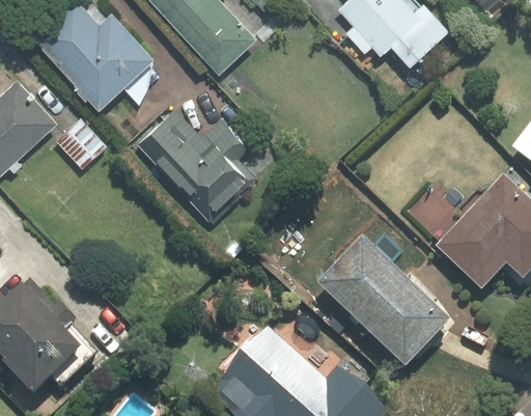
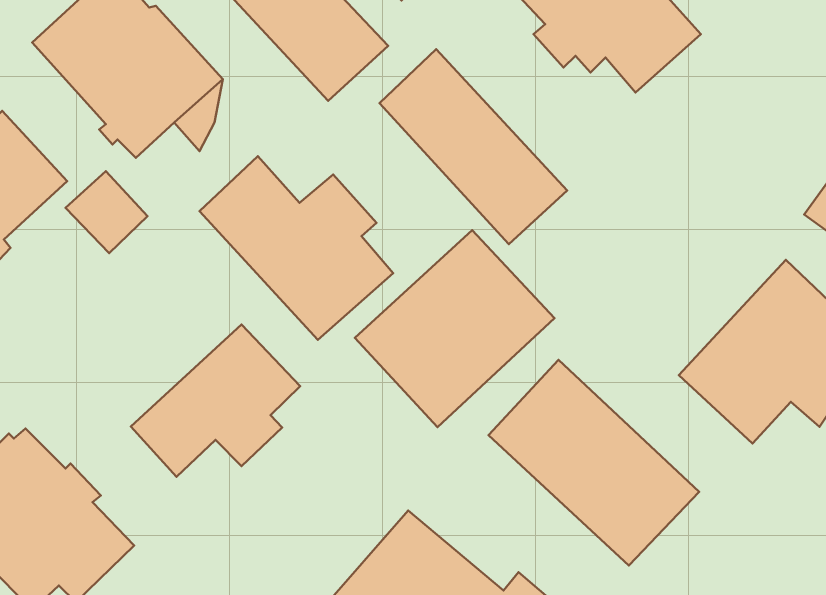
building: none -> [379,49,567,244]
building: none -> [355,230,555,427]
building: none -> [131,325,300,477]

